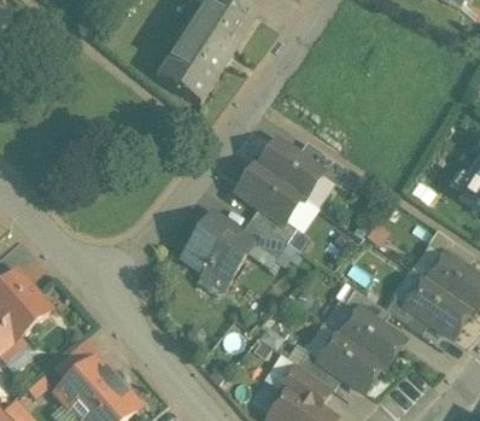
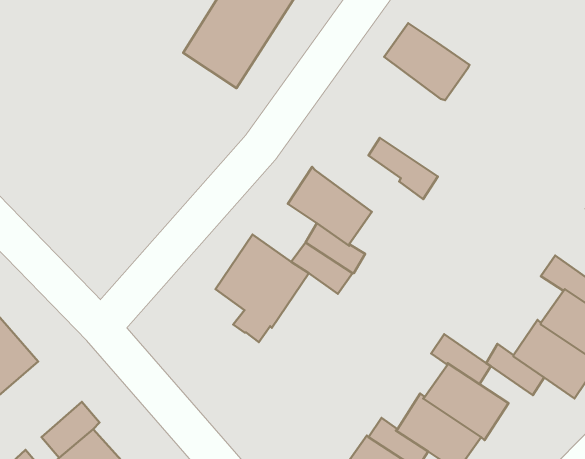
building: [256,139,320,197] -> [384,23,469,100]

